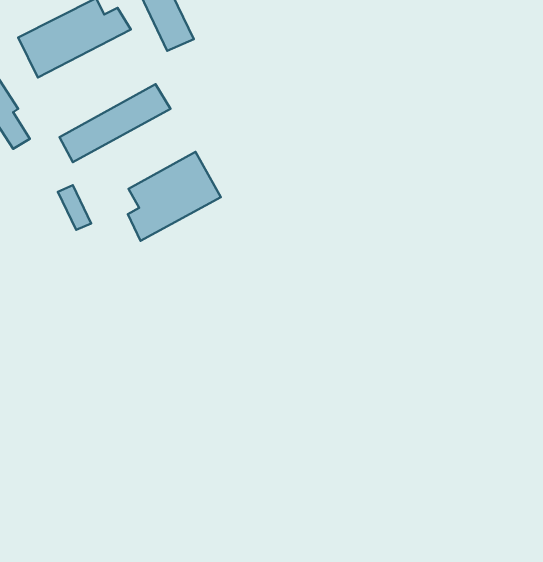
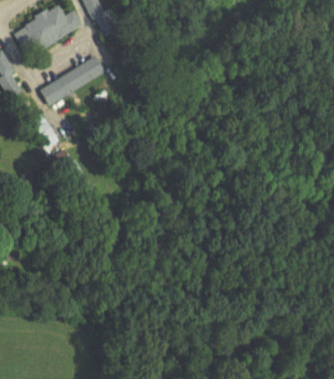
building: [128,152,221,241] -> none

